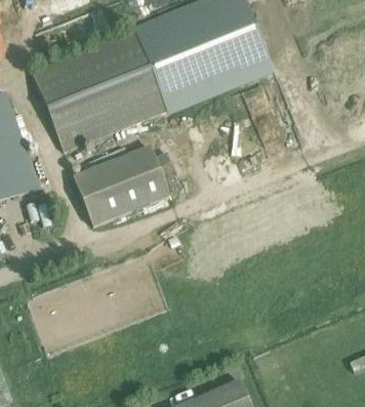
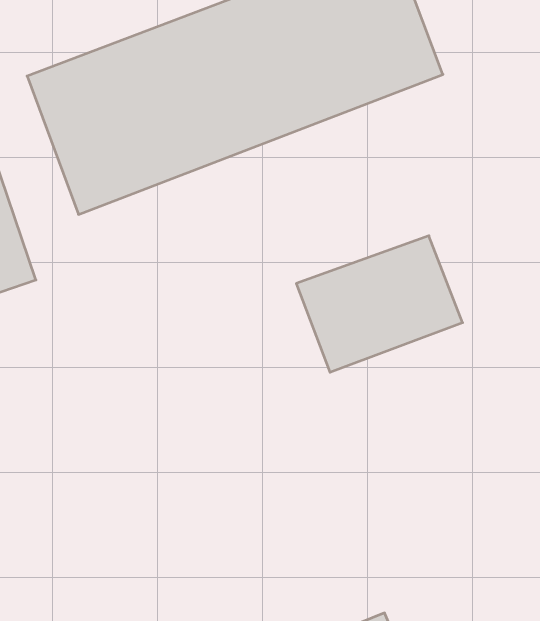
building: [73,148,169,227] -> [296,236,463,372]

